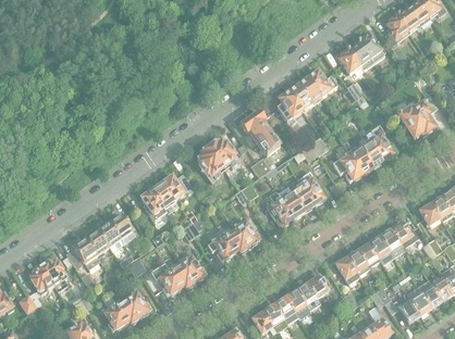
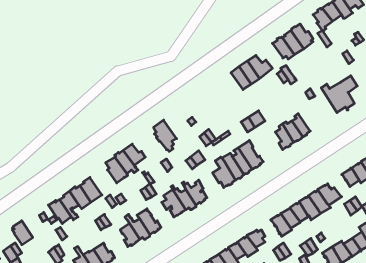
building: [278,91,303,126] -> none
building: [242,111,281,156] -> none
building: [366,124,396,160] -> none
building: [209,139,239,168] -> none
building: [41,259,69,290] -> none

